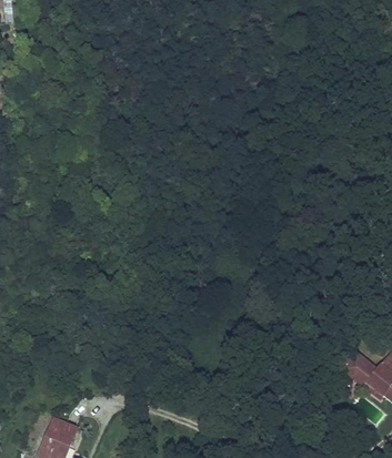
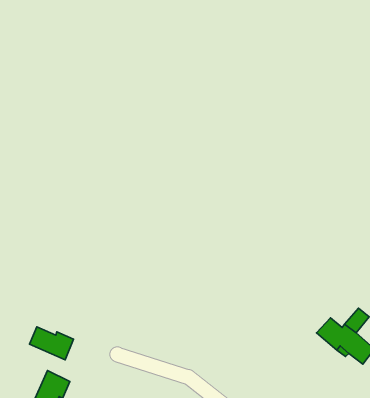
building: none -> [29,327,73,360]

